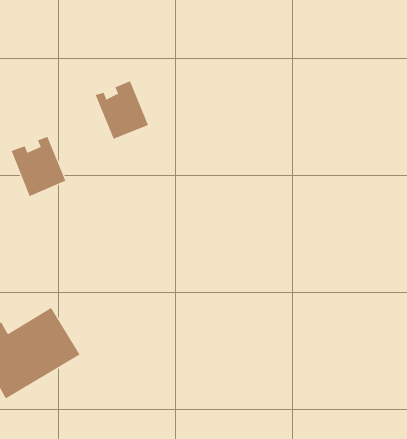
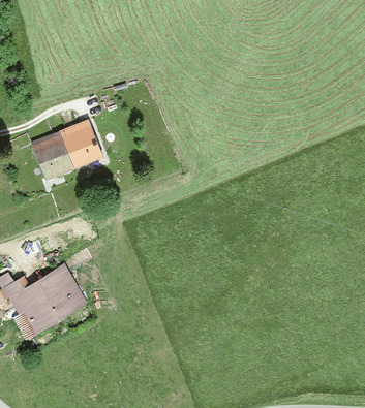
building: [95,80,149,140] -> [60,120,102,166]

